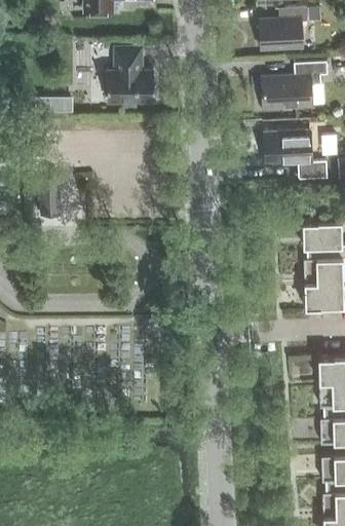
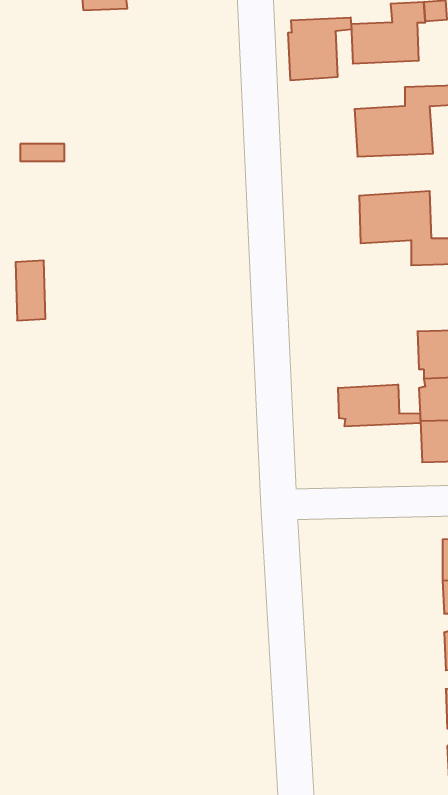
building: none -> [288,17,351,80]
building: [108,47,155,101] -> none
building: none -> [338,384,421,426]

